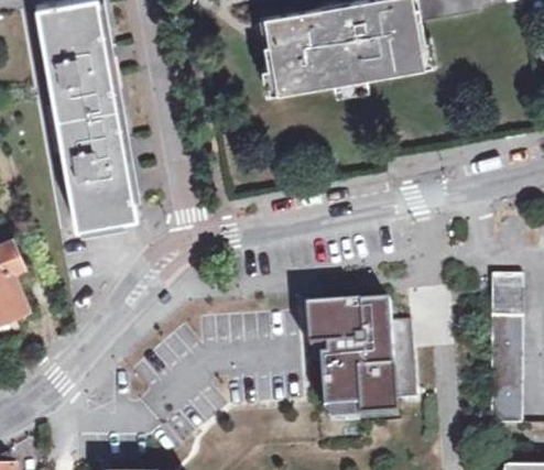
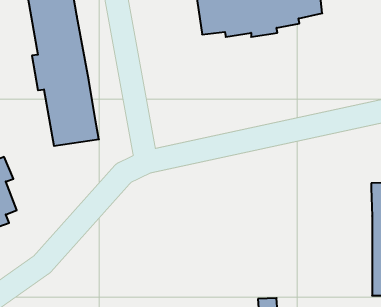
building: [315,306,423,414] -> none

